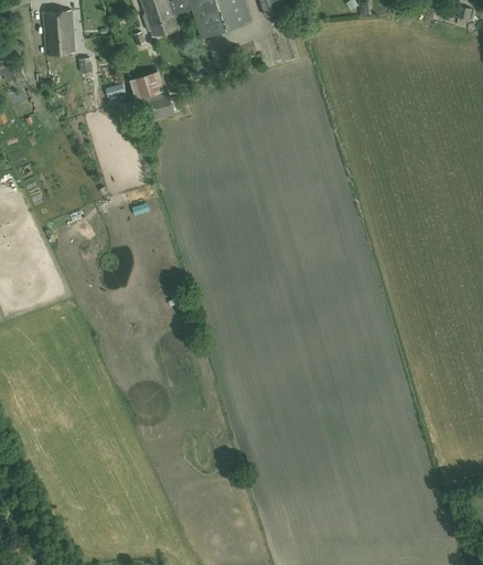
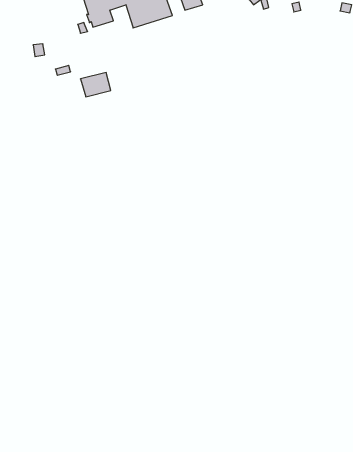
building: [43,10,75,54] -> none
building: [130,68,157,93] -> none

